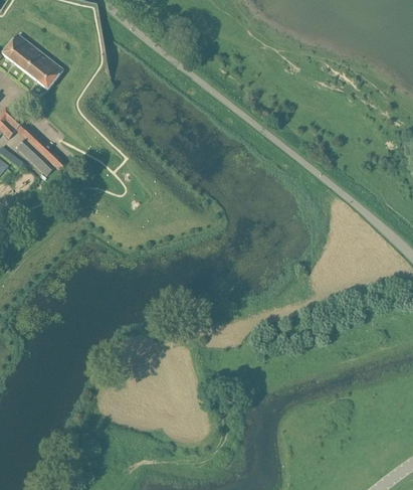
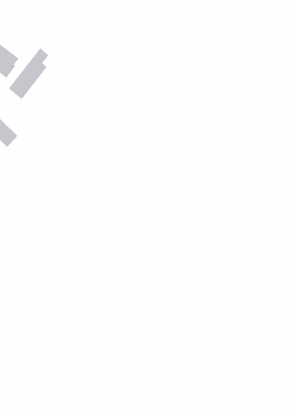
building: none -> [8,47,49,100]

